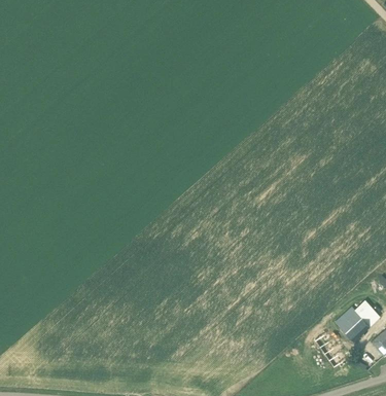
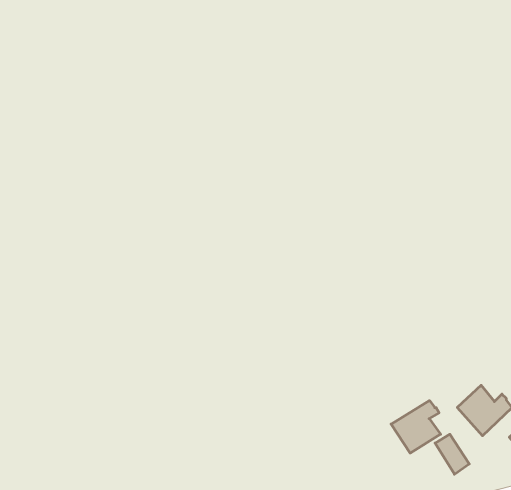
building: none -> [391,401,441,453]

